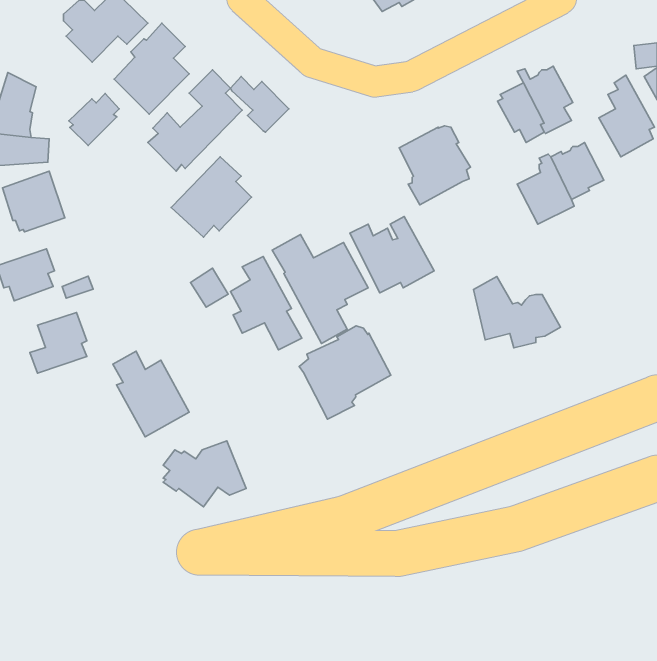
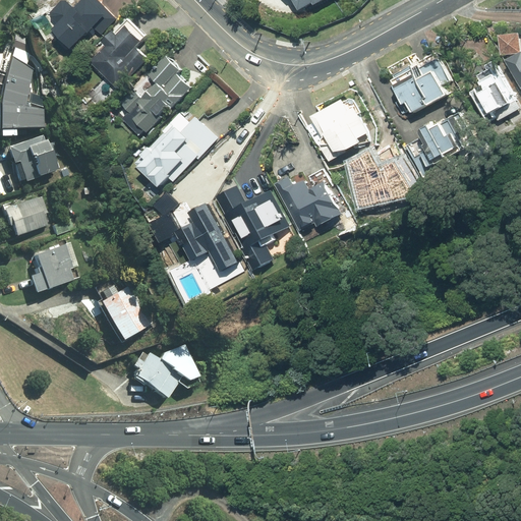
building: [231,76,289,132] -> [172,112,218,156]
building: [69,94,119,146] -> none
building: [474,276,560,348] -> [351,148,419,204]
building: [299,326,391,419] -> none

